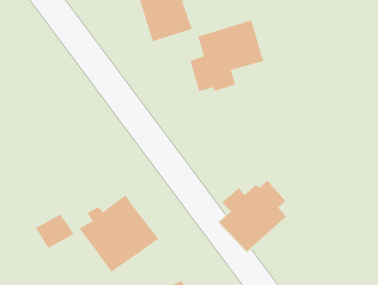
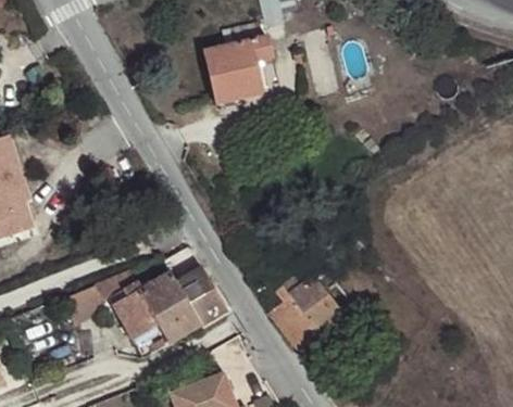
building: [190,20,264,92] -> none
building: none -> [175,268,227,325]

